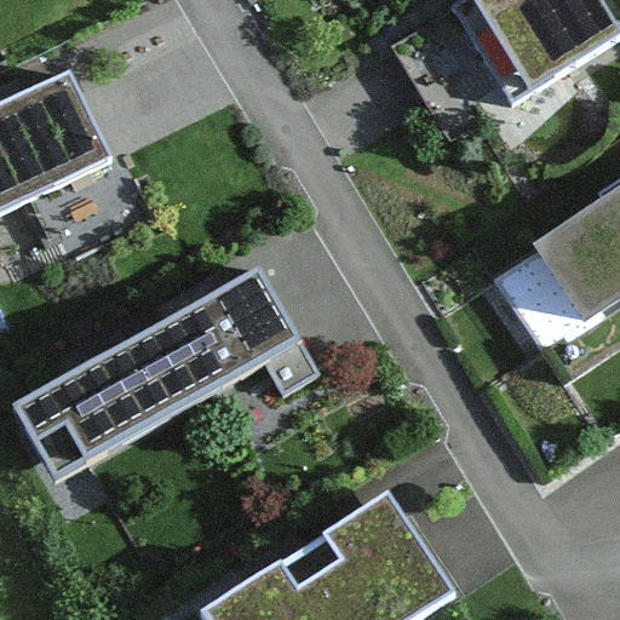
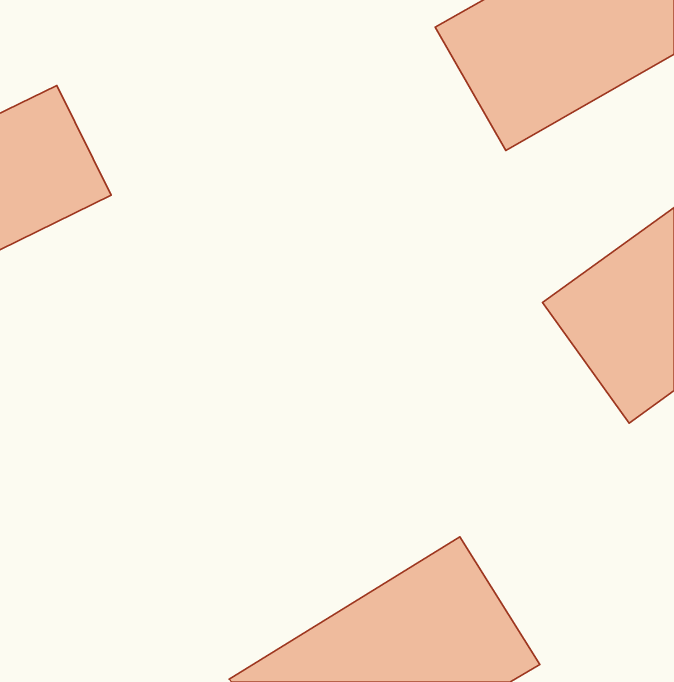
building: [28,268,310,490] -> none

